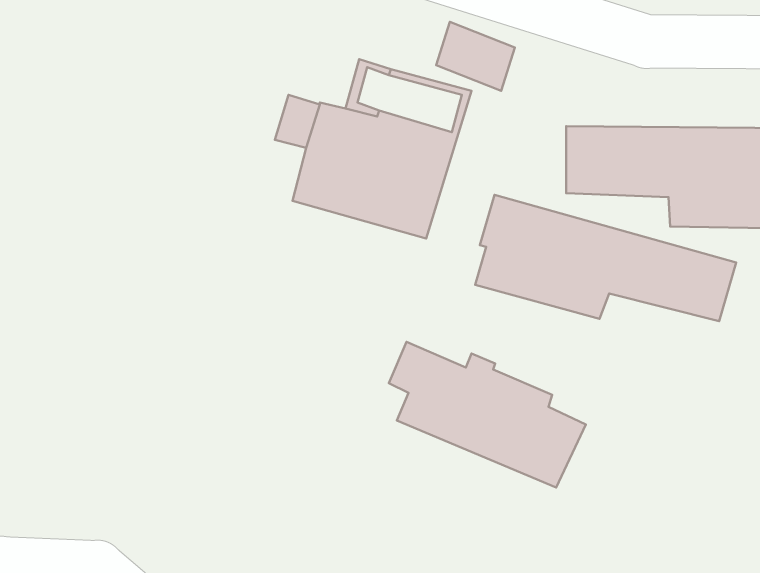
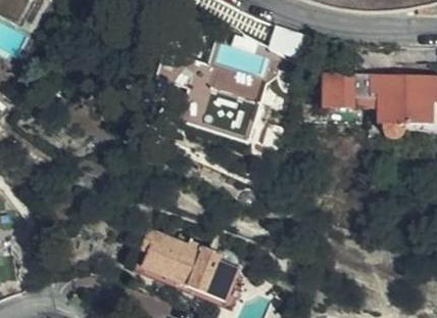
building: [475,195,736,321] -> none
building: [389,342,586,487] -> [134,227,236,303]

